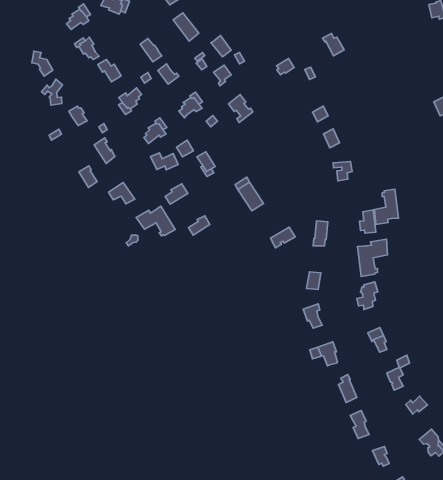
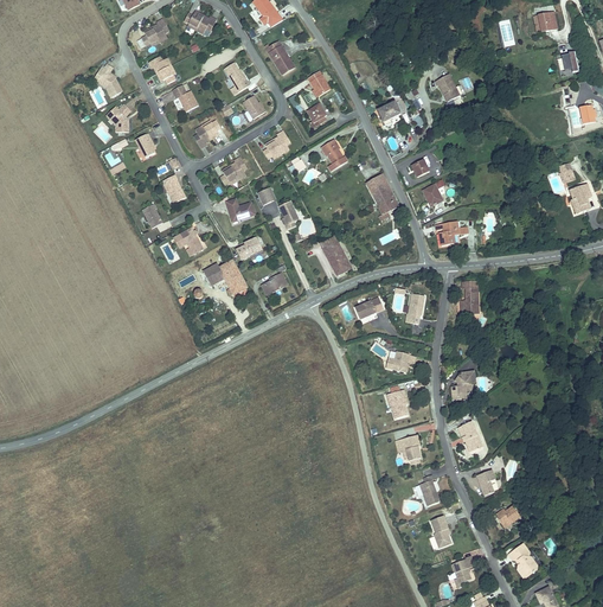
building: none -> [366,174,398,221]
building: [375,189,399,225] -> none
building: [357,239,388,277] -> none

